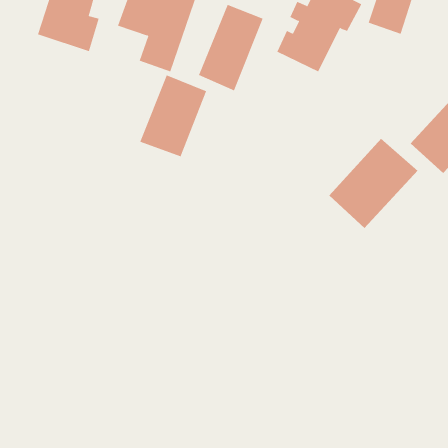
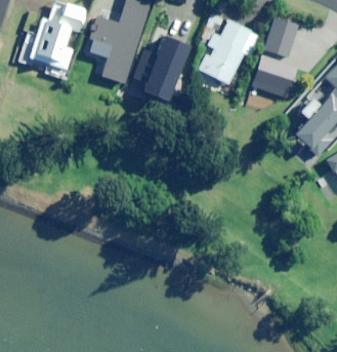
building: none -> [252,55,297,97]
building: [140,75,207,157] -> none
building: [329,138,418,229] -> none

